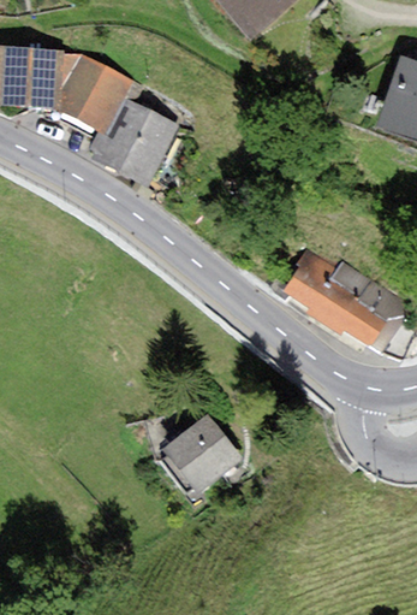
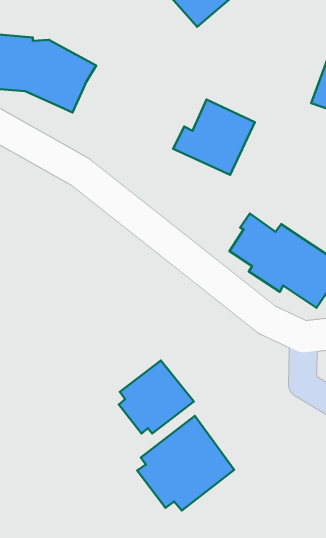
building: [87,99,178,183] -> [173,100,255,175]
building: none -> [137,416,234,510]

